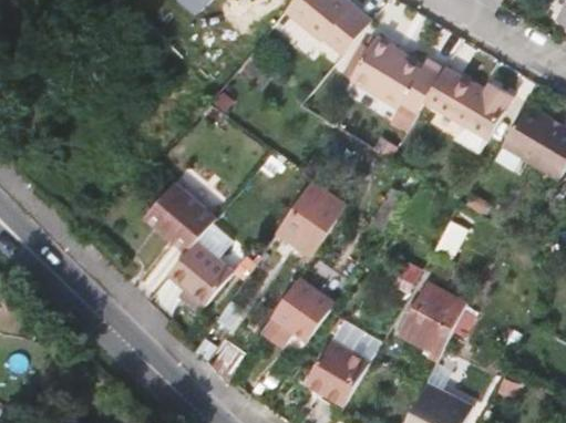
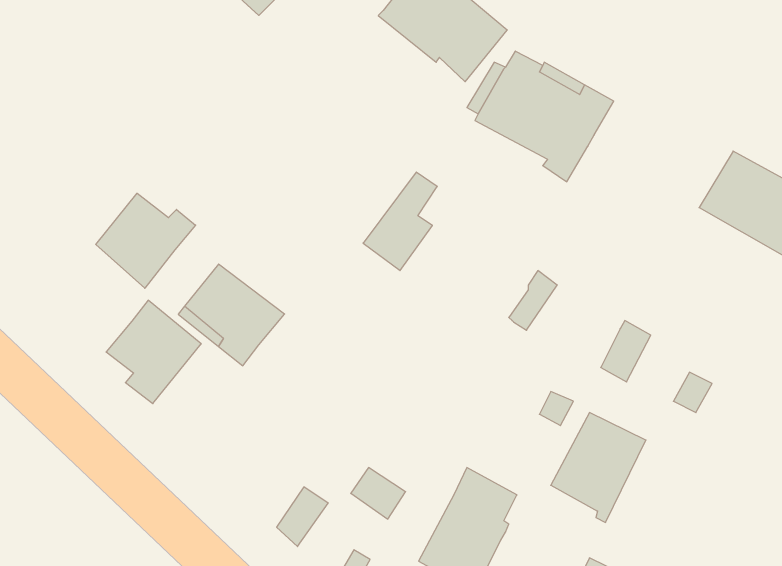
building: [424,68,512,152] -> none
building: none -> [96,193,196,288]
building: [281,182,332,249] -> [363,172,437,271]
building: [169,237,235,308] -> [106,300,201,404]
building: [272,278,335,340] -> none

